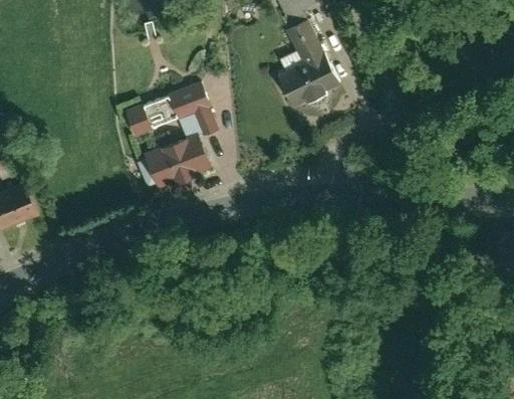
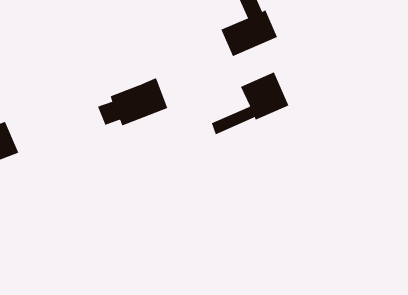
building: [127,82,215,139] -> none
building: none -> [211,72,289,135]

